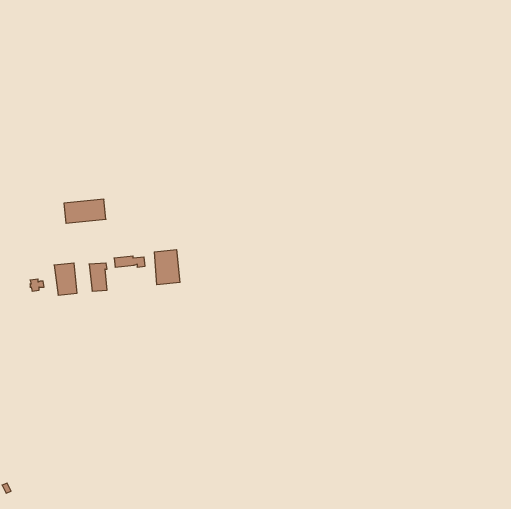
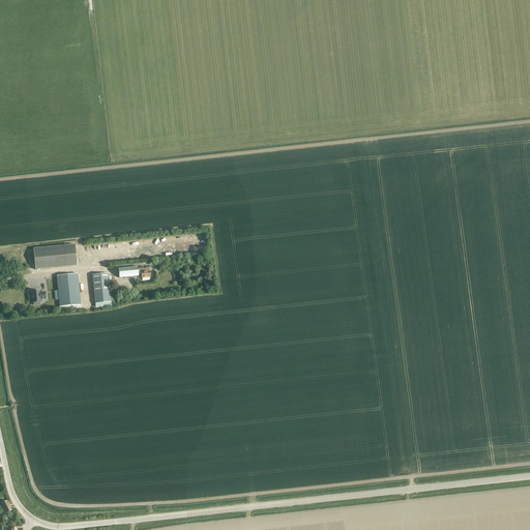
building: [64,199,106,223] -> [32,243,76,268]
building: [154,250,180,285] -> none

